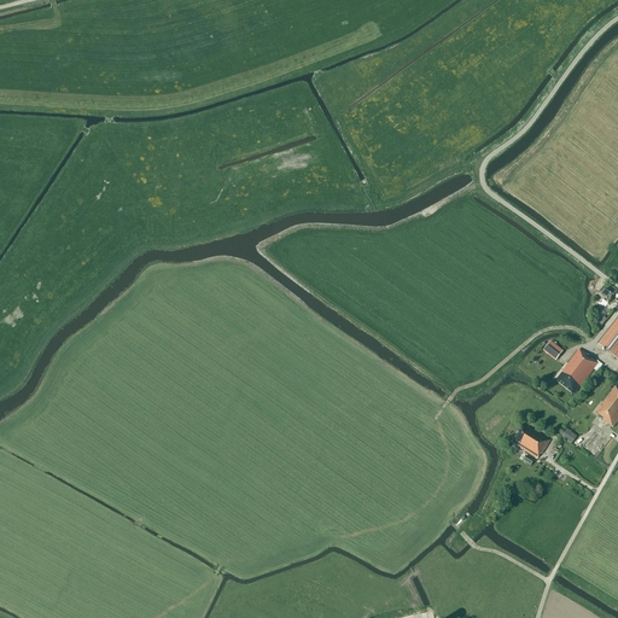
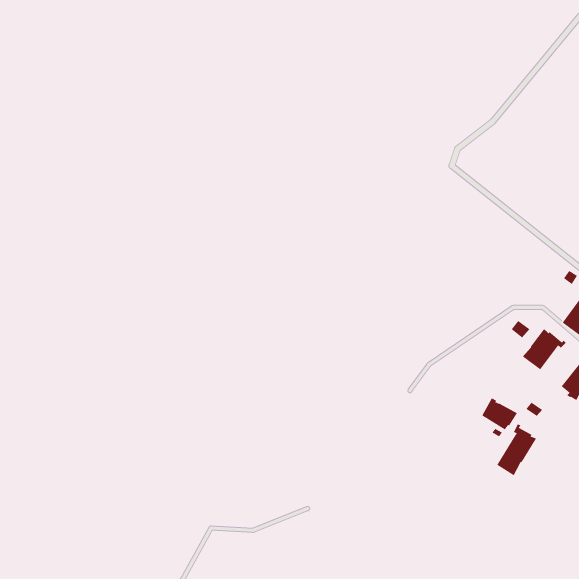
building: none -> [497,424,537,476]

